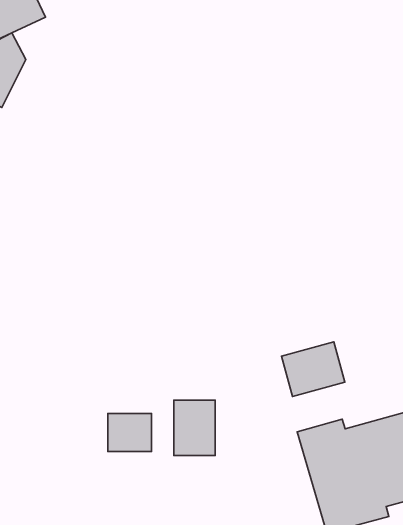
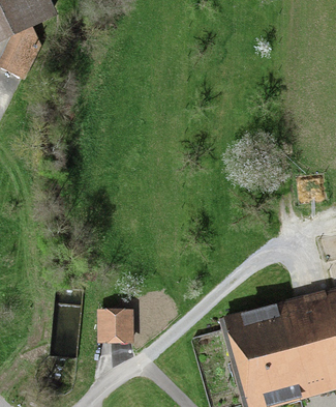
building: [281,342,345,397] -> none
building: [174,400,215,456] -> none

